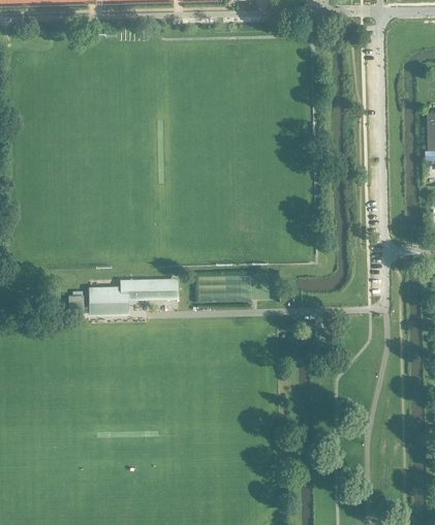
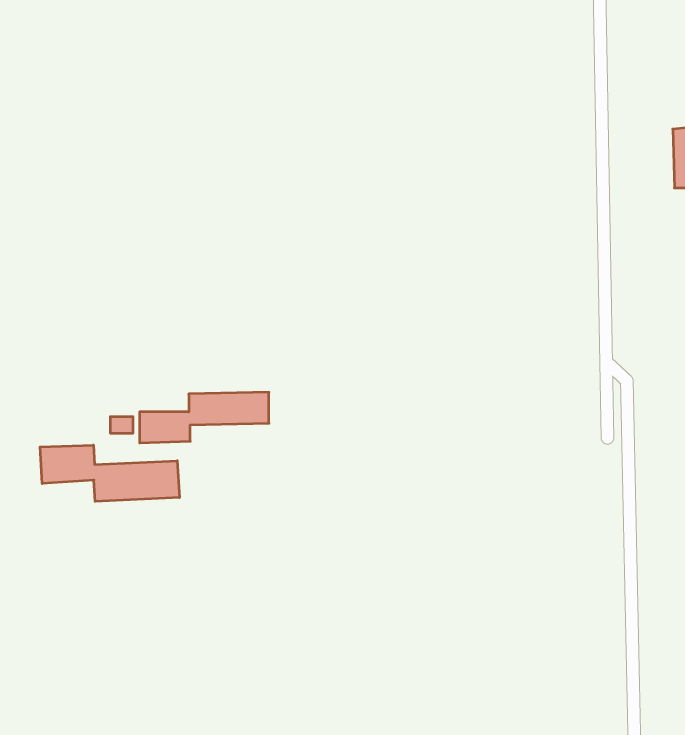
building: none -> [40,445,179,501]

